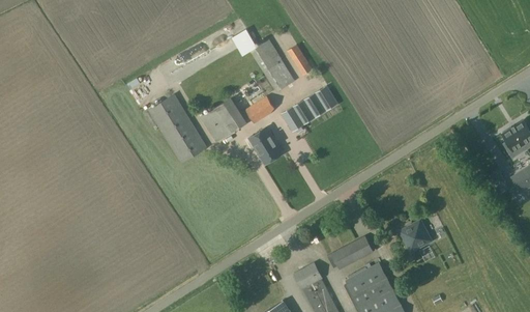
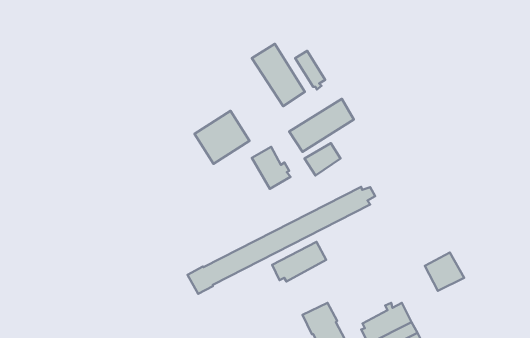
building: [148,93,207,164] -> none
building: [245,95,276,123] -> [305,143,341,175]
building: none -> [187,187,375,294]
building: [327,235,374,270] -> [272,242,326,281]

